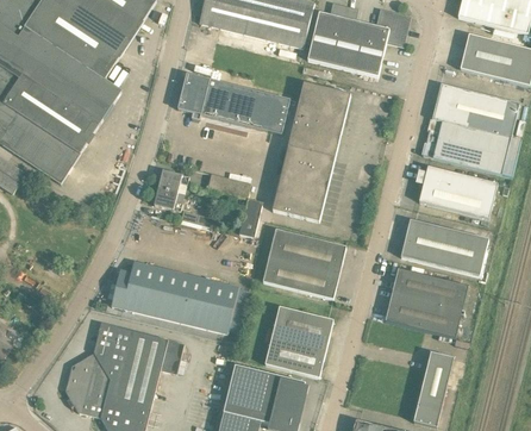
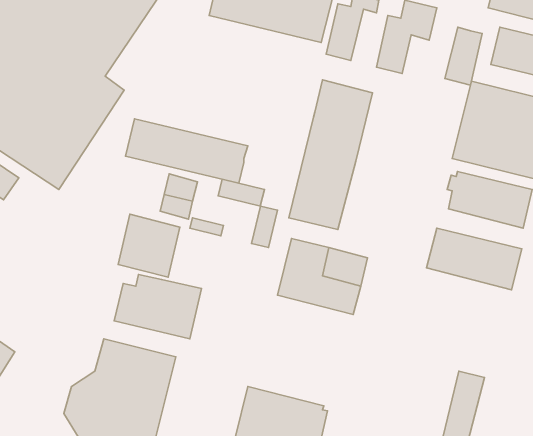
building: [330,17,364,70] -> [445,27,482,85]
building: [177,74,291,133] -> [126,119,248,183]
building: [385,268,468,338] -> none
building: [181,275,238,333] -> [118,214,180,277]
building: [264,306,332,377] -> none

